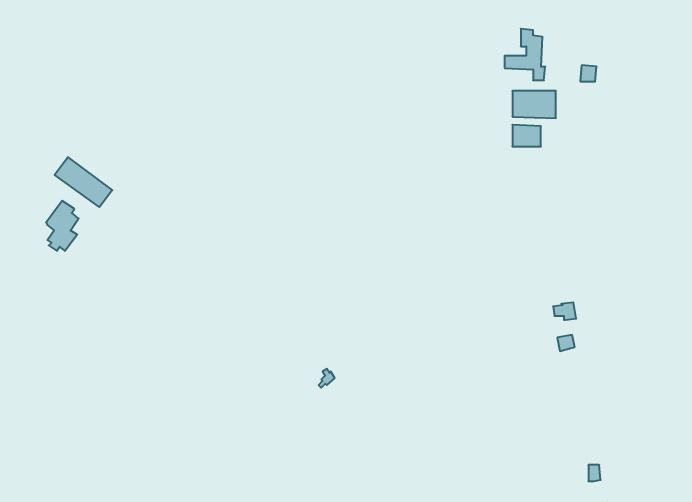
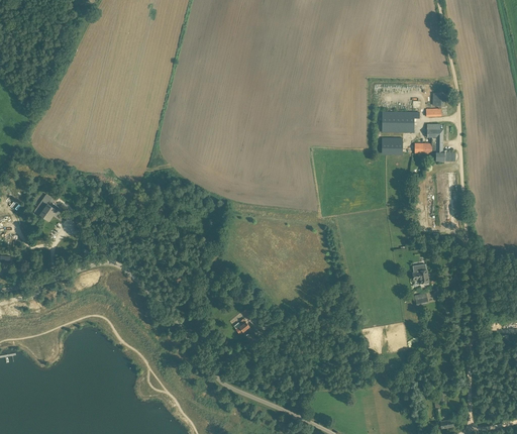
building: [505,29,545,80] -> [415,123,445,161]
building: [55,157,112,207] -> none

